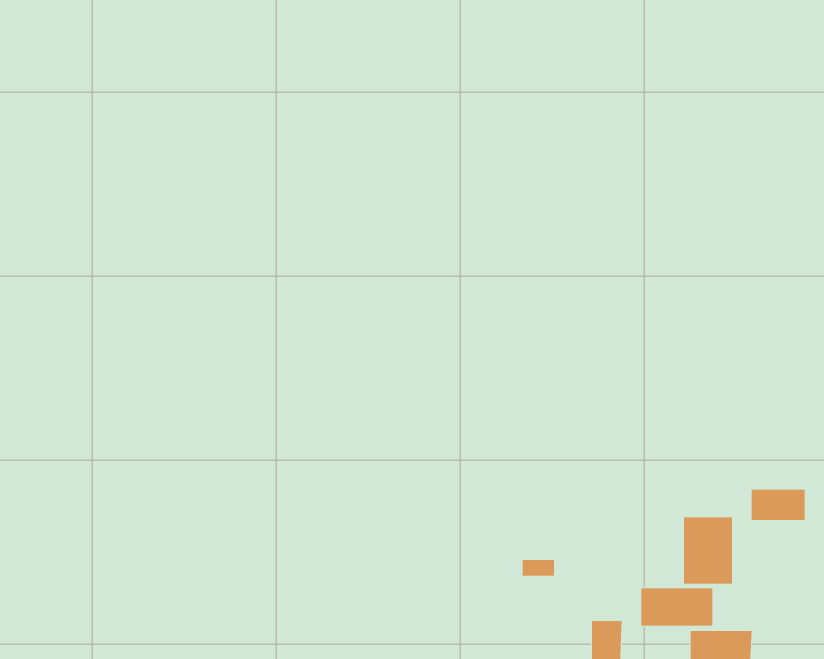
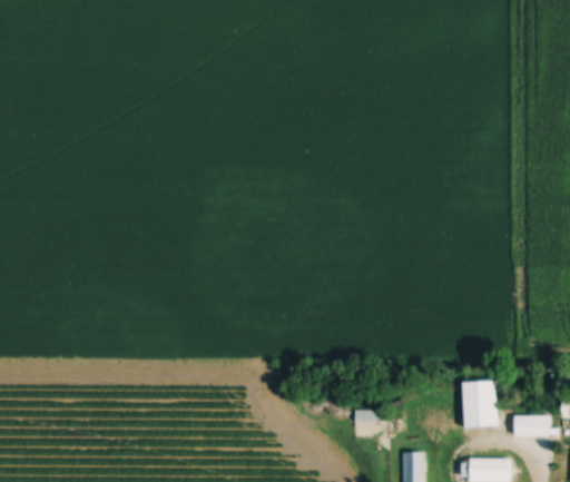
building: [751,489,805,521] -> [514,416,551,437]
building: [641,588,713,627] -> none

